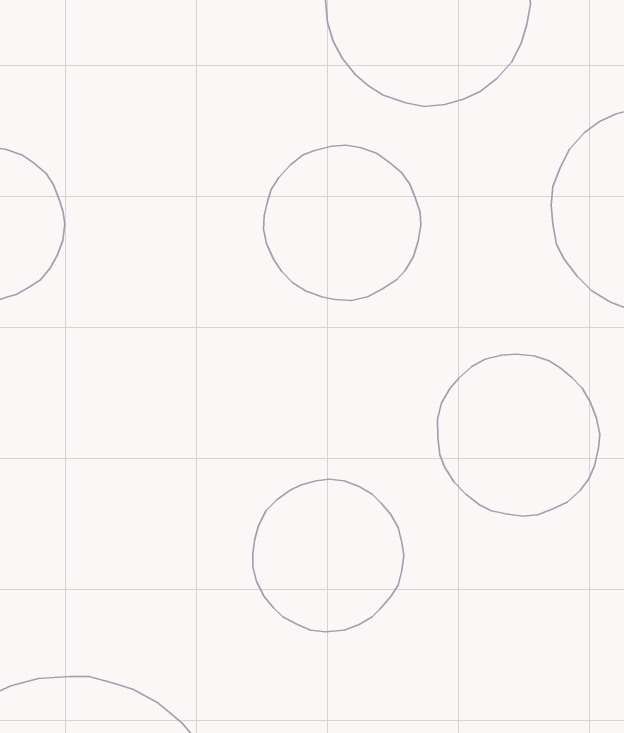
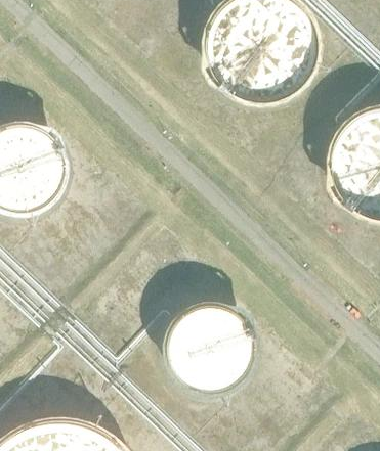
building: [263,145,421,300] -> none
building: [437,354,600,516] -> none

